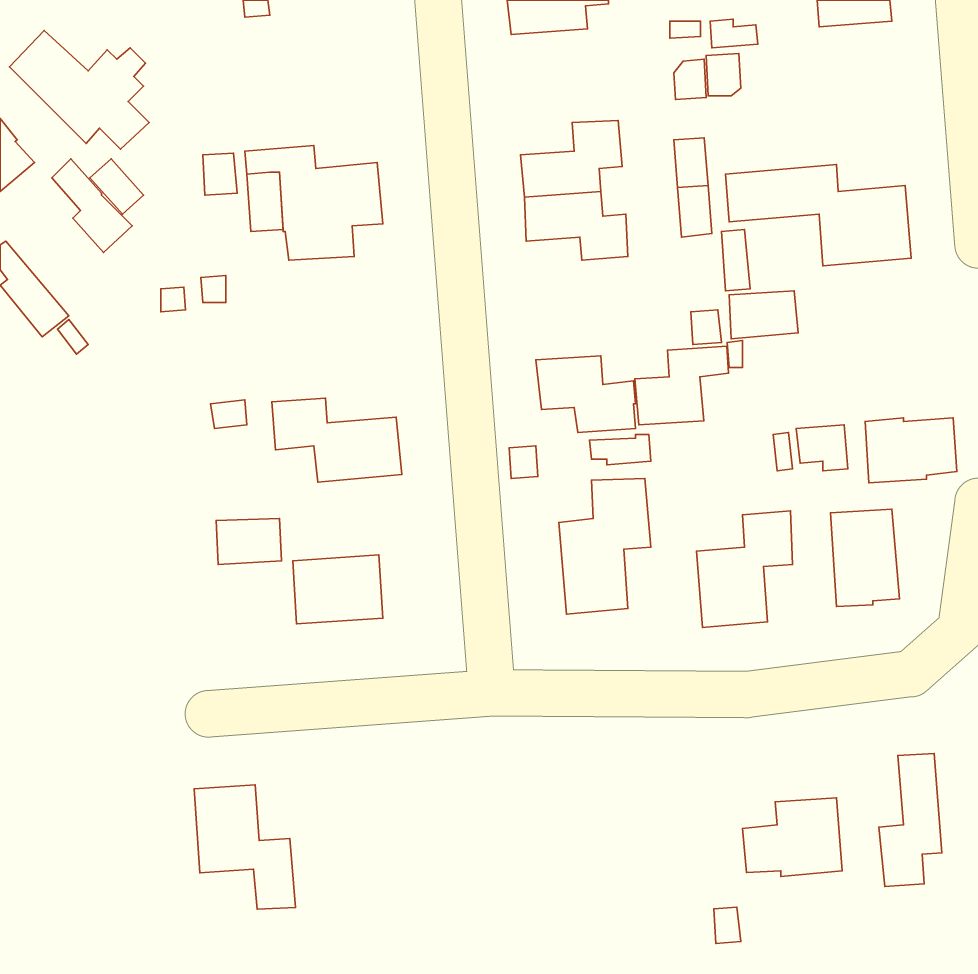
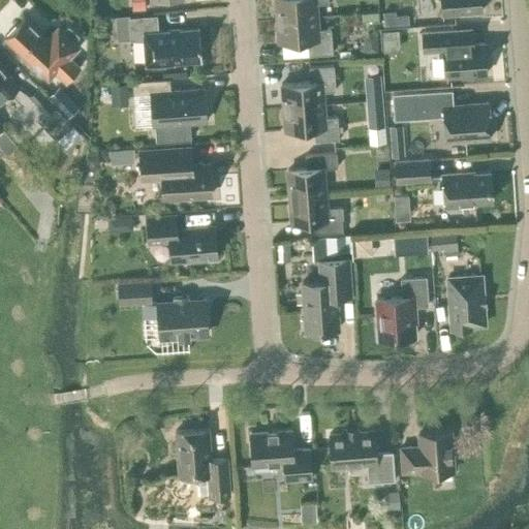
building: none -> [128,18,201,68]
building: none -> [276,18,333,57]
building: none -> [423,30,487,79]
building: none -> [139,149,212,199]
building: [635,346,729,425] -> [287,154,338,196]
building: [865,418,957,483] -> [442,174,492,209]
building: [879,753,942,887] -> none
building: [194,785,296,909] -> [176,431,230,498]
building: none -> [250,432,312,483]
building: none -> [330,432,395,485]

